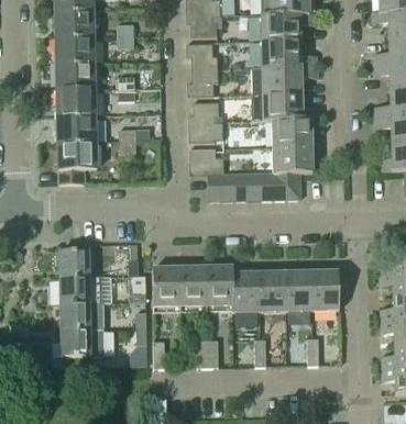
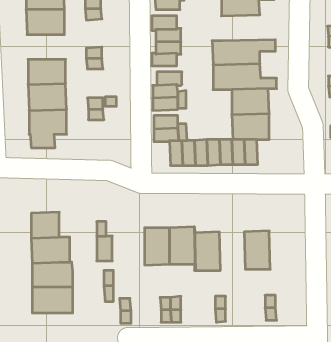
building: [261,42,318,69] -> none
building: [55,63,96,89] -> none
building: [152,267,179,306] -> none
building: [311,270,339,311] -> none
building: [259,271,286,312] -> none

